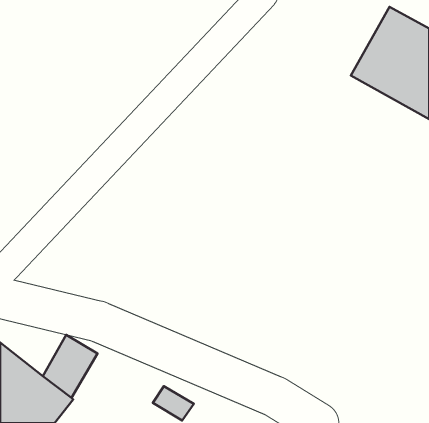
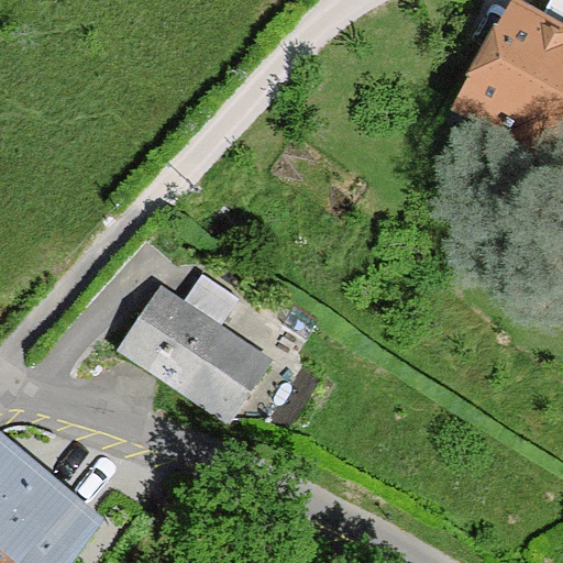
building: none -> [128,289,265,413]

